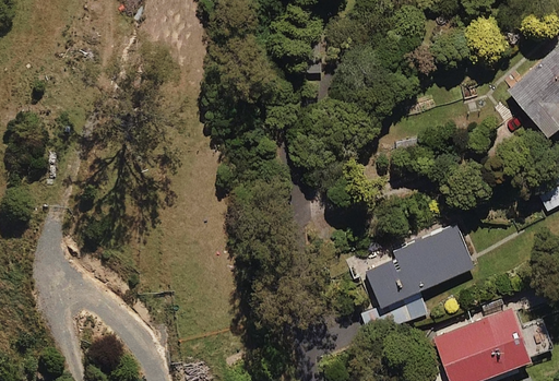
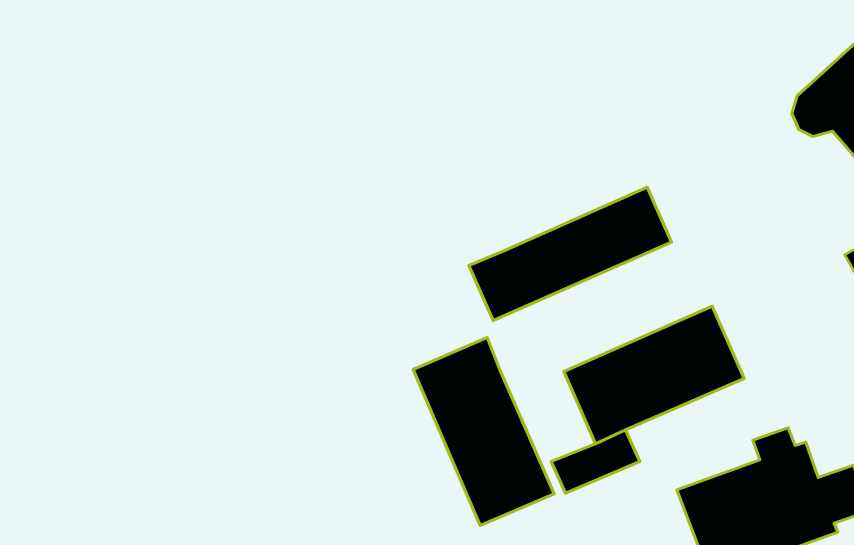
building: none -> [469,187,672,321]
building: none -> [413,338,554,526]

